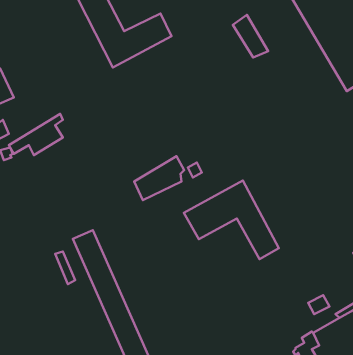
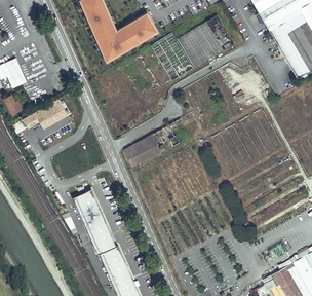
building: [184,180,279,259] -> none

